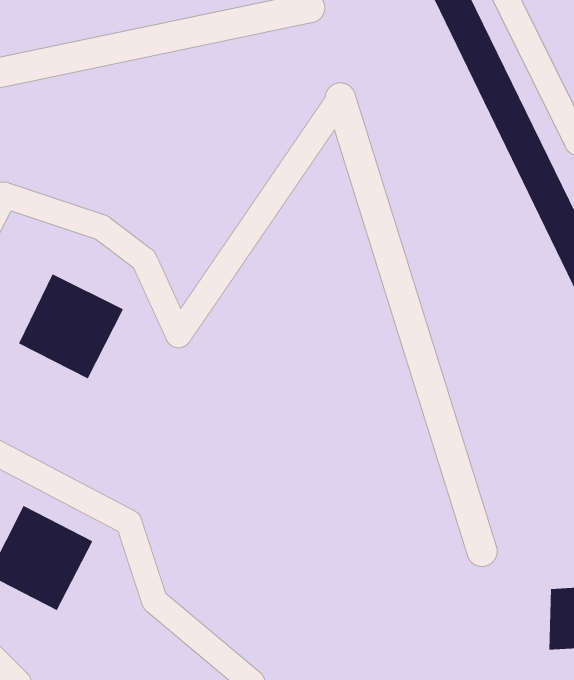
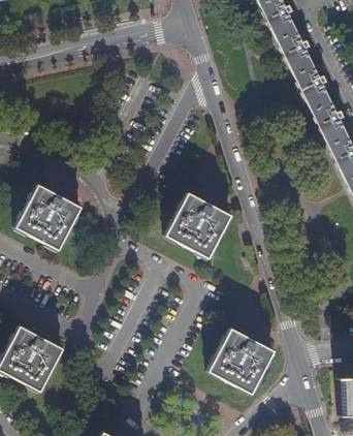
building: none -> [165,193,230,258]
building: none -> [207,329,272,394]

